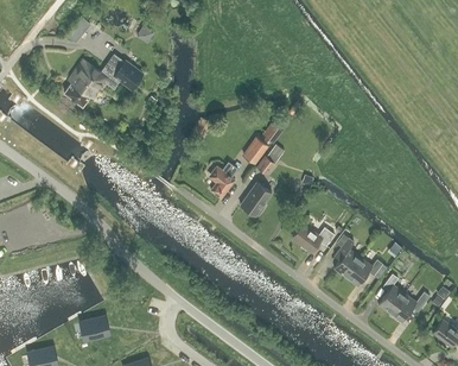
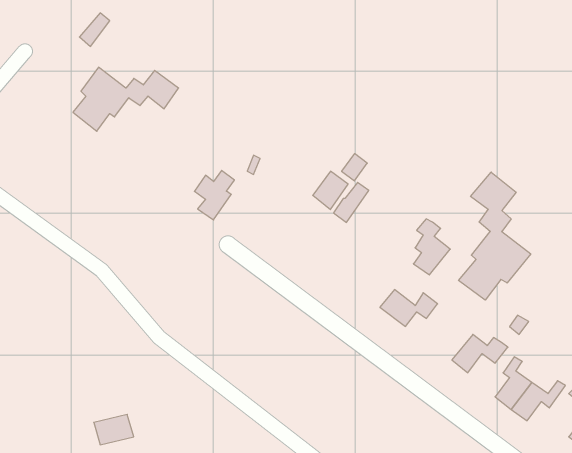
building: none -> [459,172,531,300]
building: [208,160,237,197] -> [194,170,234,220]
building: [238,181,273,216] -> none
building: [333,234,361,276] -> [413,219,450,275]

